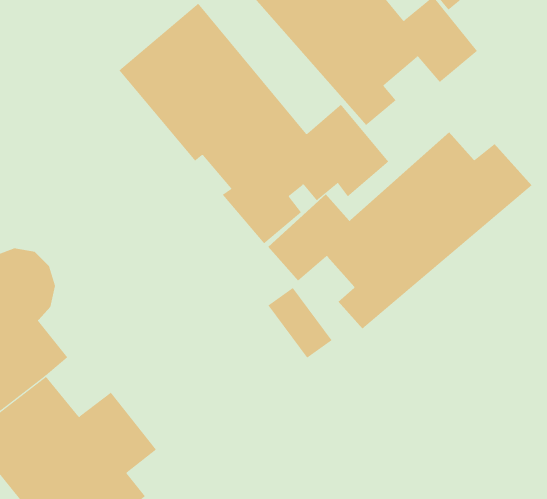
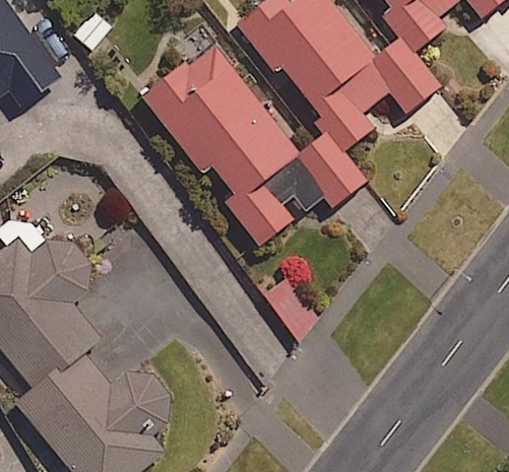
building: [267,132,532,329] -> none

